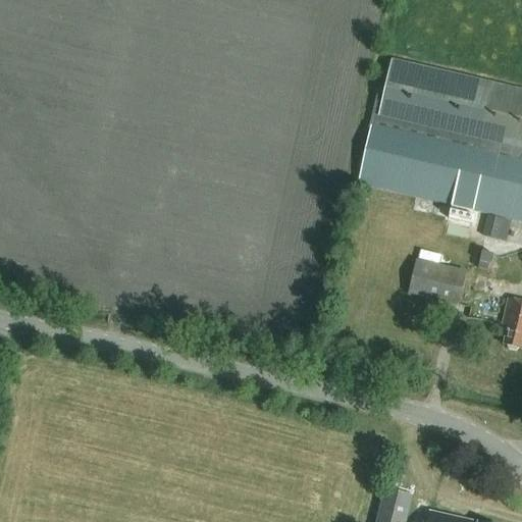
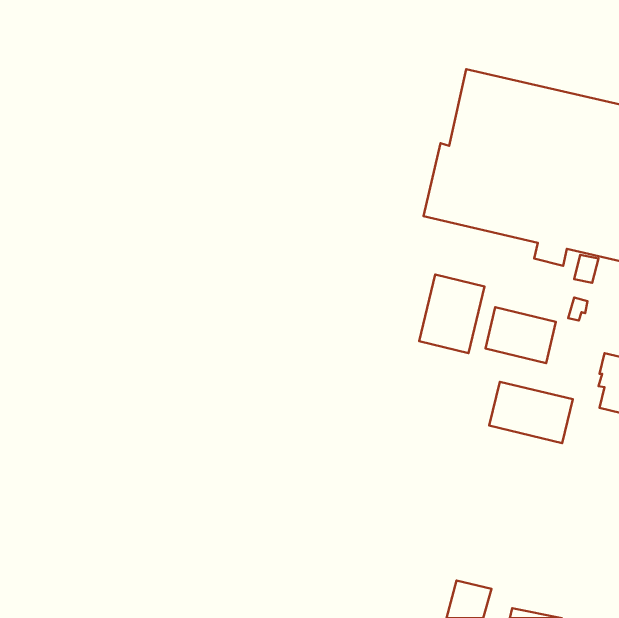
building: none -> [419,275,484,353]
building: none -> [489,382,573,443]

